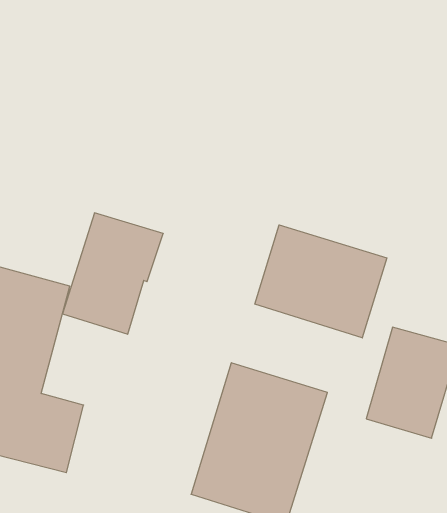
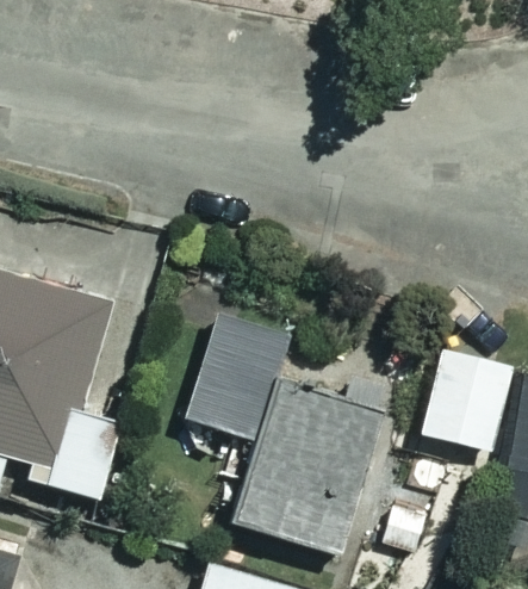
building: [62,213,163,334] -> [188,312,293,439]
building: [255,225,387,338] -> none

